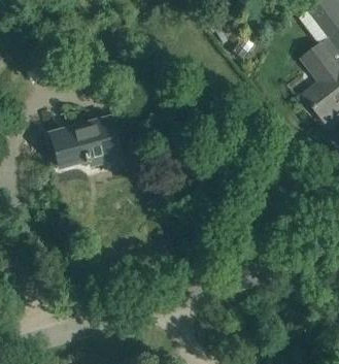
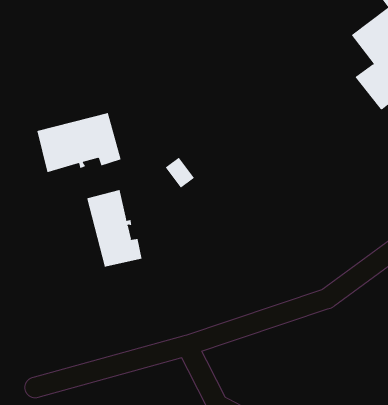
building: none -> [87,189,142,268]

